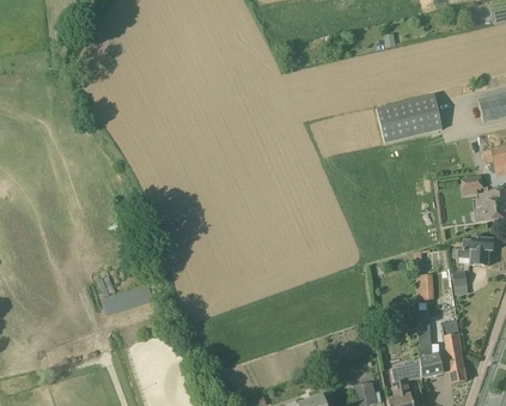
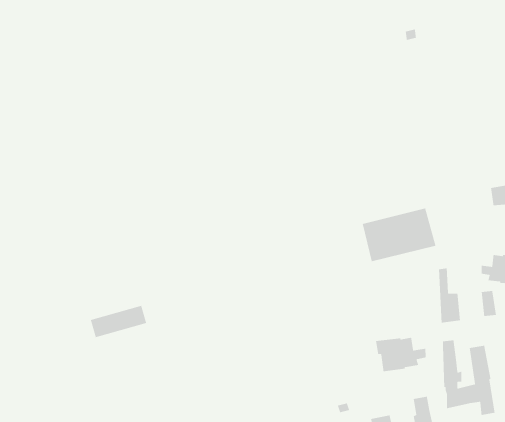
building: [377,93,444,143] -> [362,208,437,262]
building: none -> [375,337,427,372]

